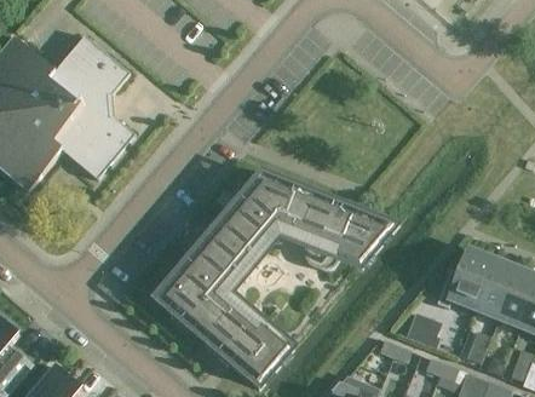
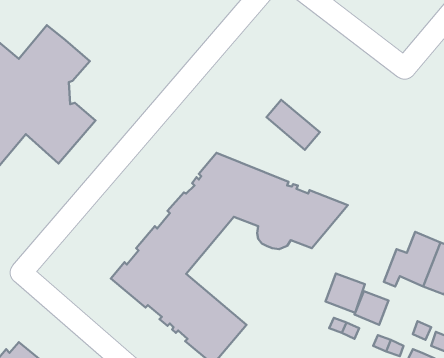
building: none -> [266,100,320,150]
building: none -> [325,274,365,313]

